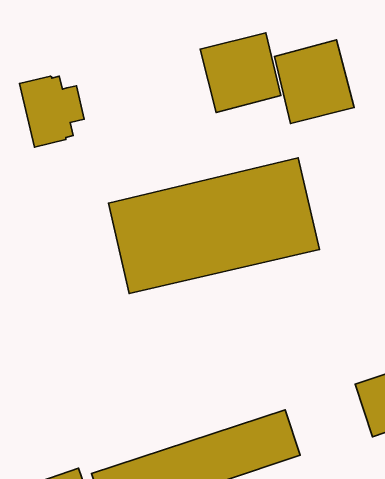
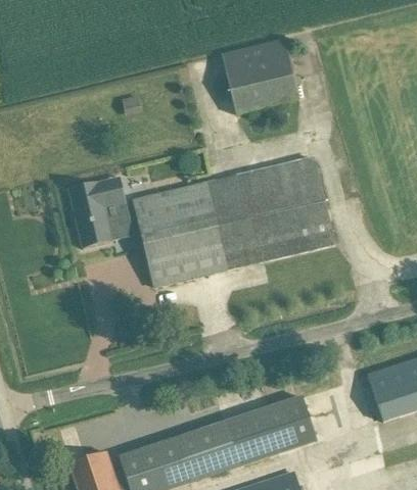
building: [274,40,354,124] -> none
building: [19,76,84,147] -> [67,173,129,240]

